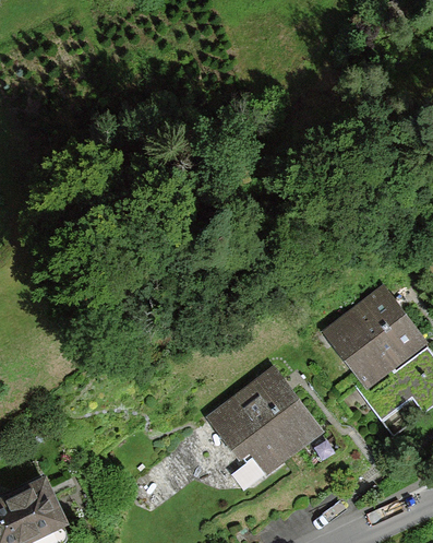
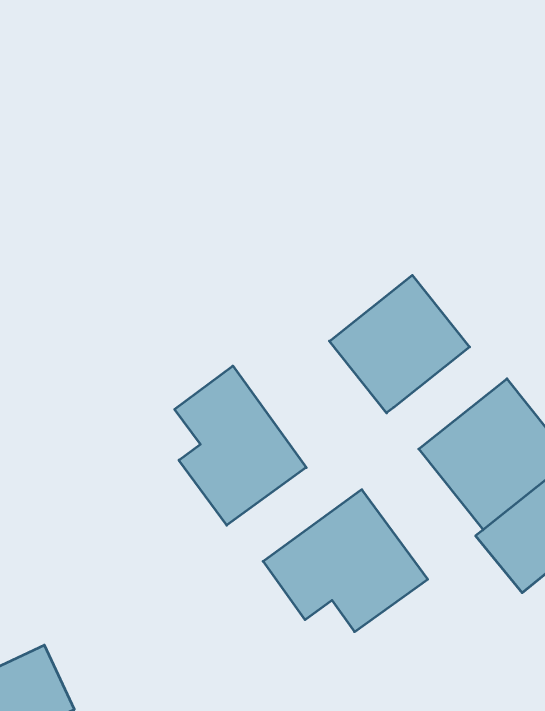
building: none -> [329,275,470,413]
building: none -> [175,366,306,525]

